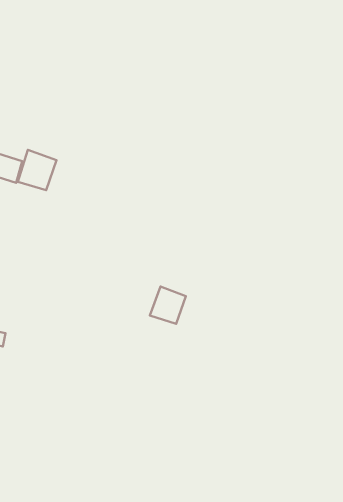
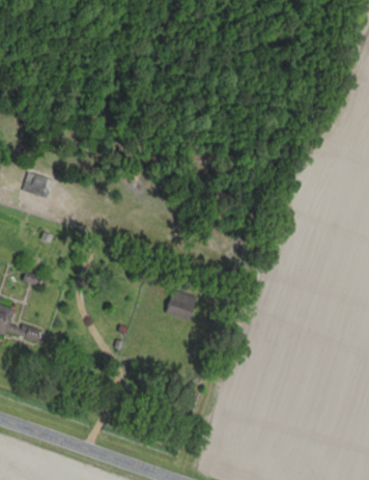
building: [18,150,56,190] -> none

